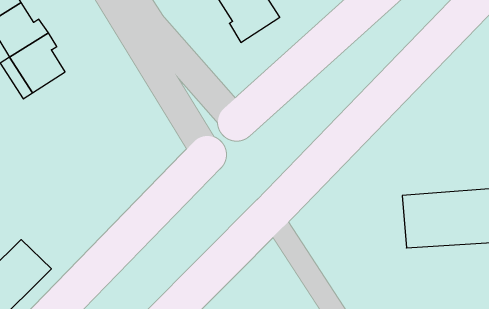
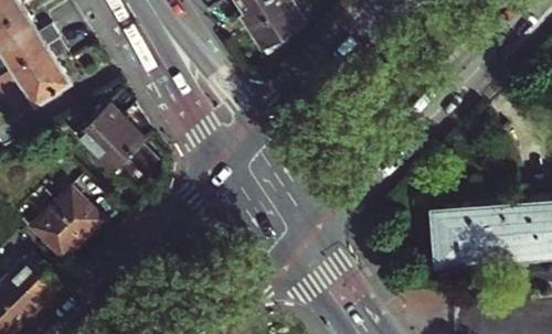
building: none -> [75,105,142,171]
building: none -> [31,190,102,261]

